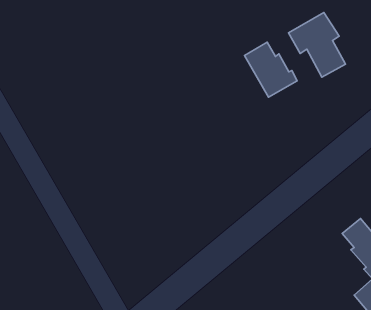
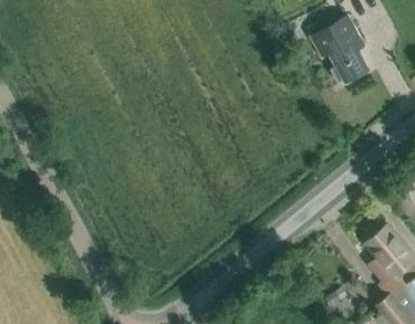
building: [244,42,297,97] -> none

